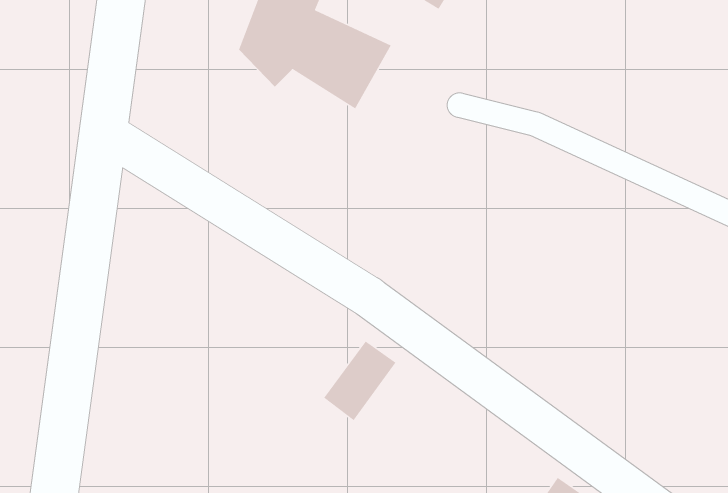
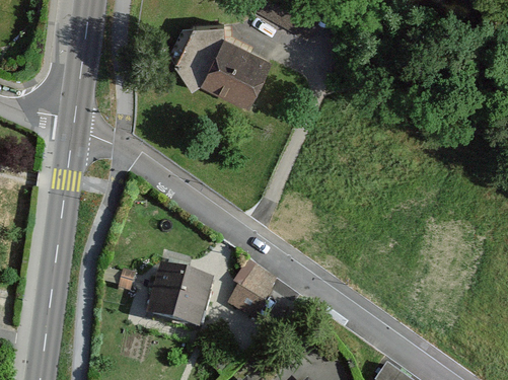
building: none -> [144,265,212,328]

